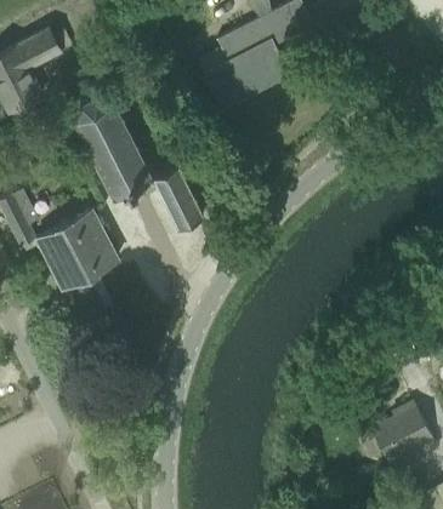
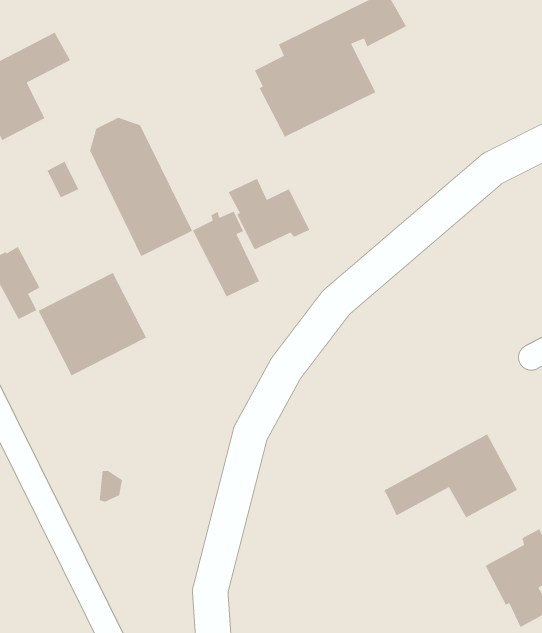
building: none -> [227,178,310,251]
building: none -> [383,433,518,519]

